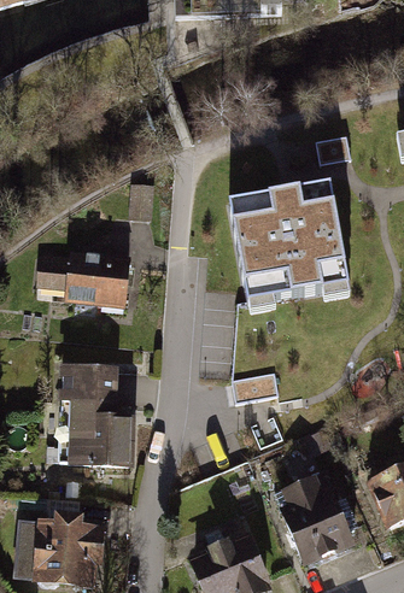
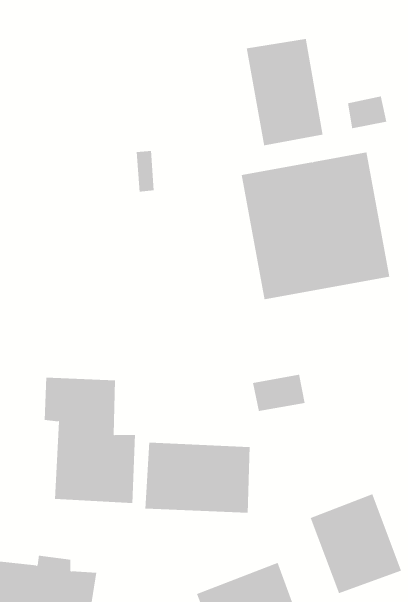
building: none -> [246,38,323,146]
building: [34,247,125,300] -> none
building: none -> [145,442,250,513]

